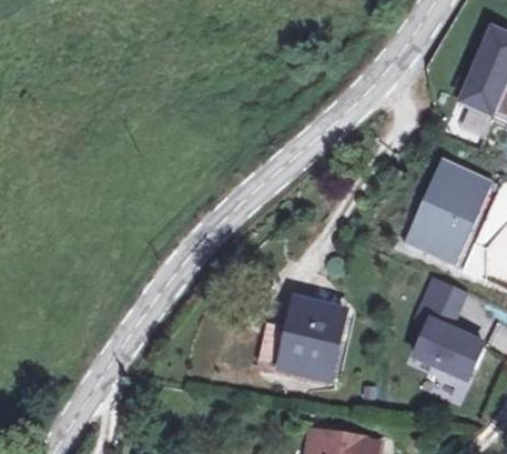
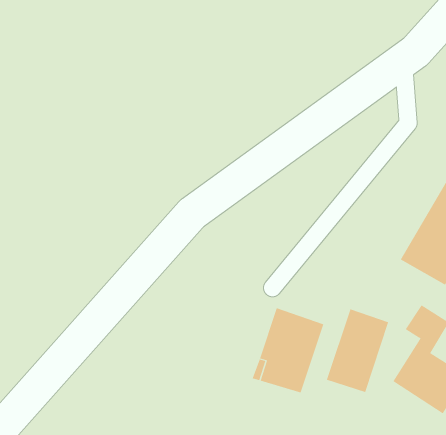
building: none -> [326,309,389,393]

